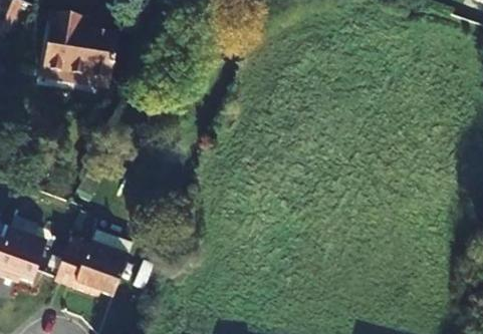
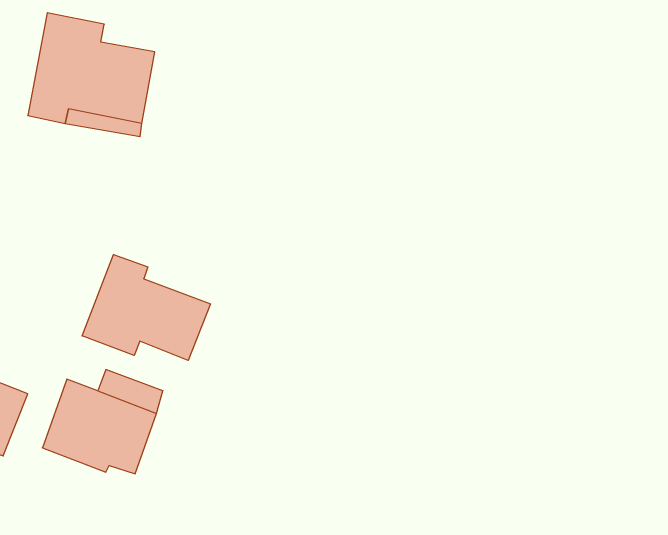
building: none -> [82,255,211,360]

